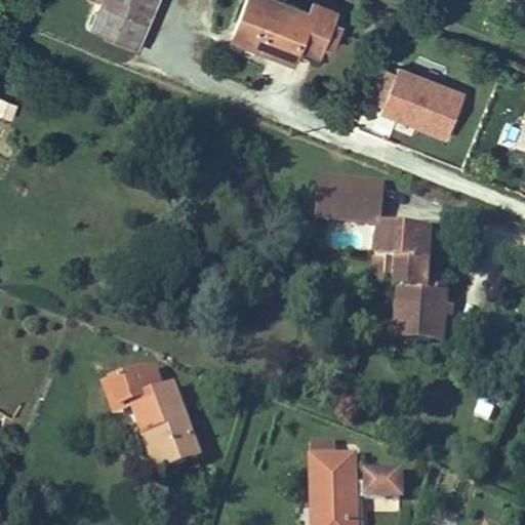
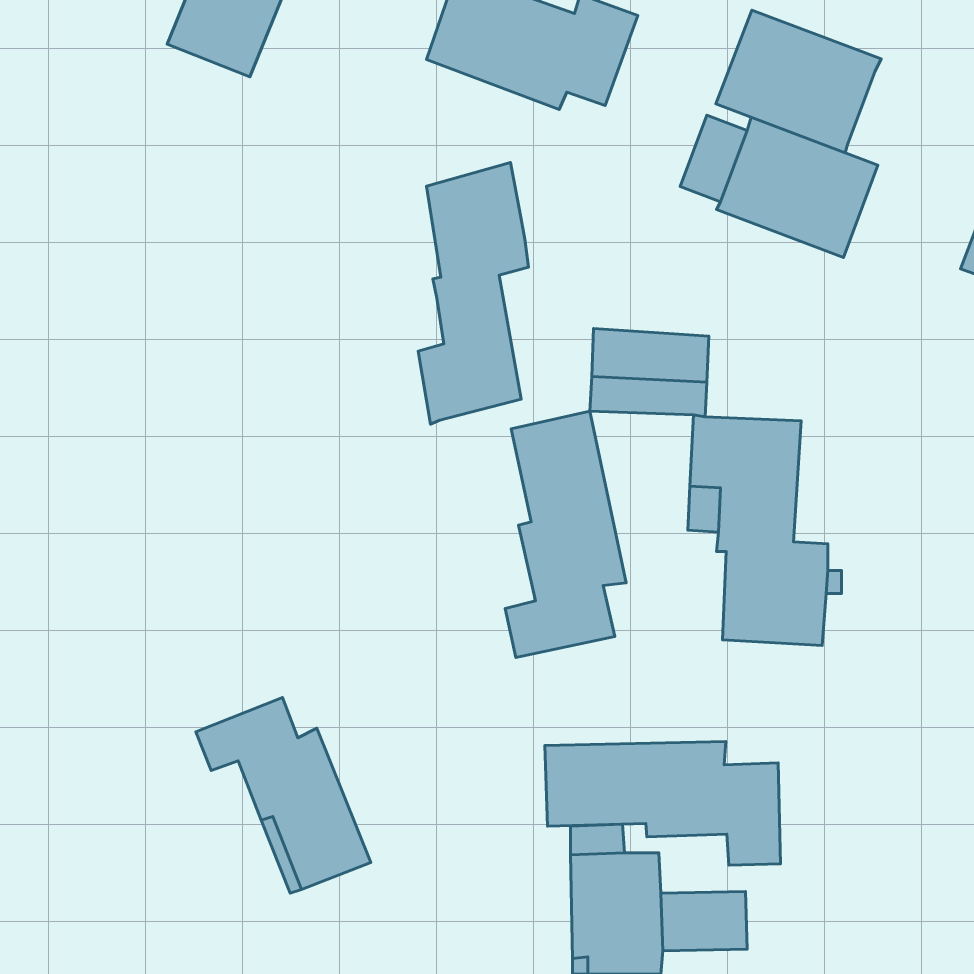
building: none -> [716,10,881,153]
building: none -> [418,162,528,424]
building: none -> [505,411,626,658]
building: none -> [545,741,781,865]

